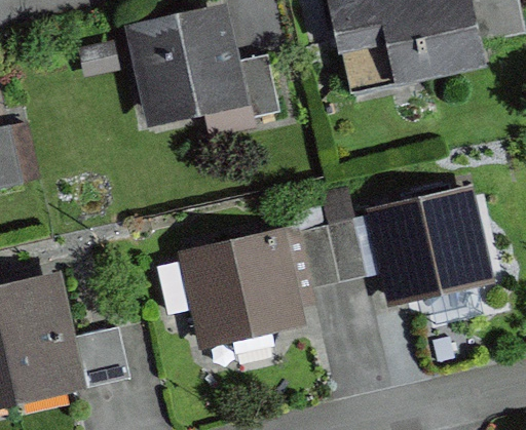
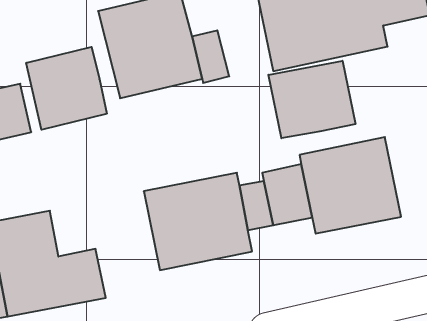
building: none -> [26,47,107,130]
building: none -> [268,61,355,138]

